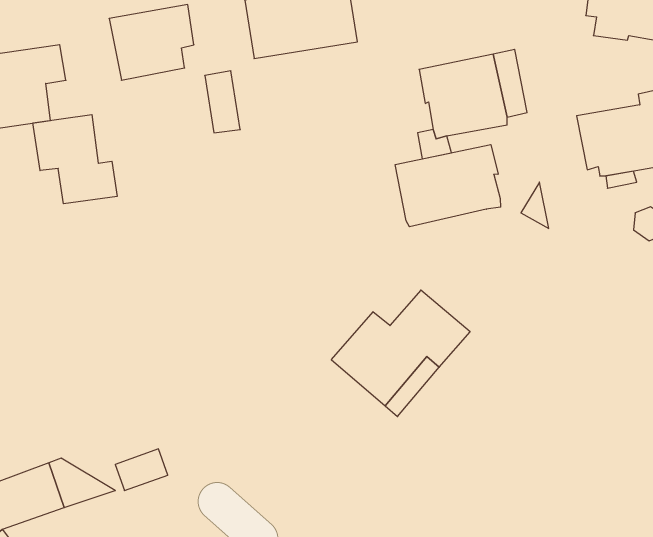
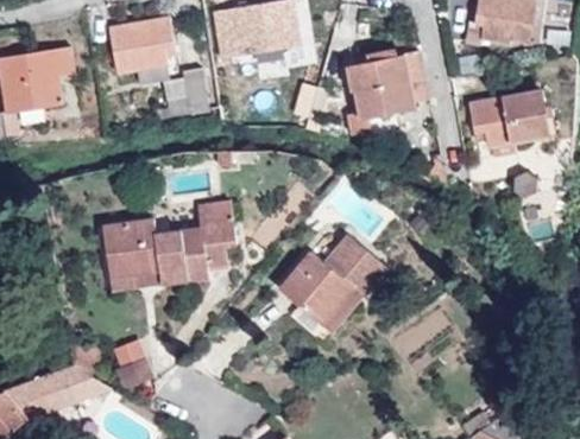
building: [33,115,117,204] -> none
building: [395,145,501,227] -> none
building: none -> [101,201,234,291]

